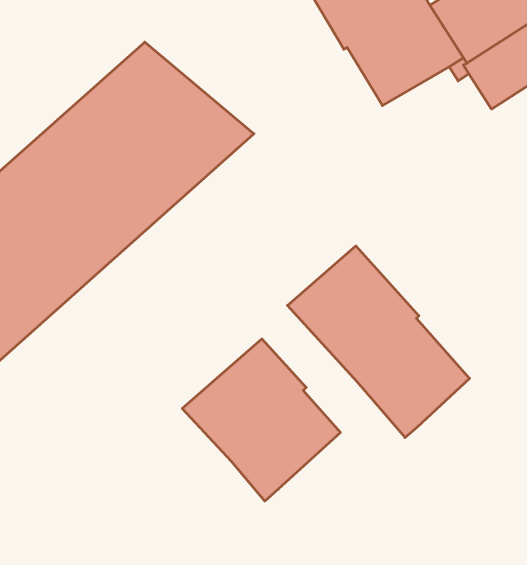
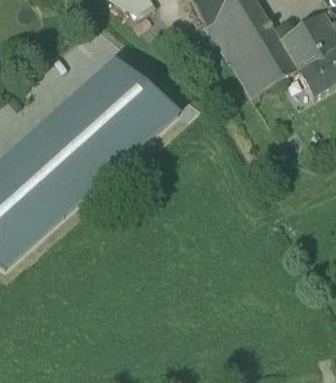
building: [287,246,470,438] -> none
building: [182,339,340,501] -> none

